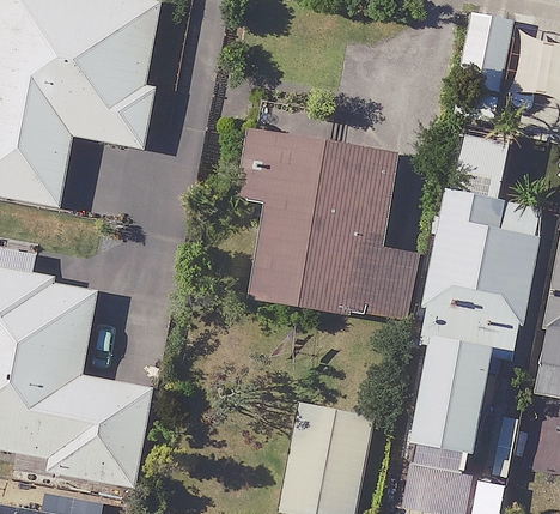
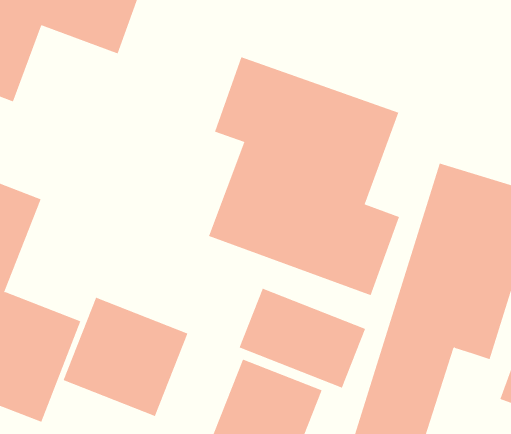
building: none -> [239,288,366,389]
building: none -> [63,297,188,417]

